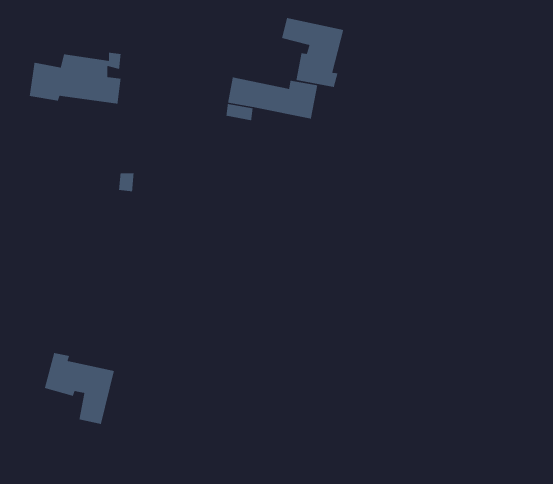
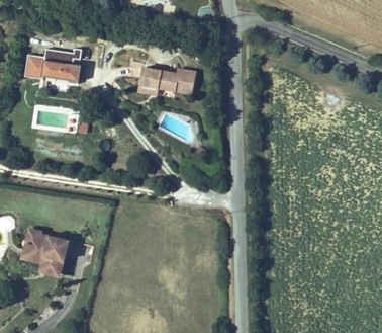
building: [281,17,344,88] -> none
building: none -> [26,232,66,280]

